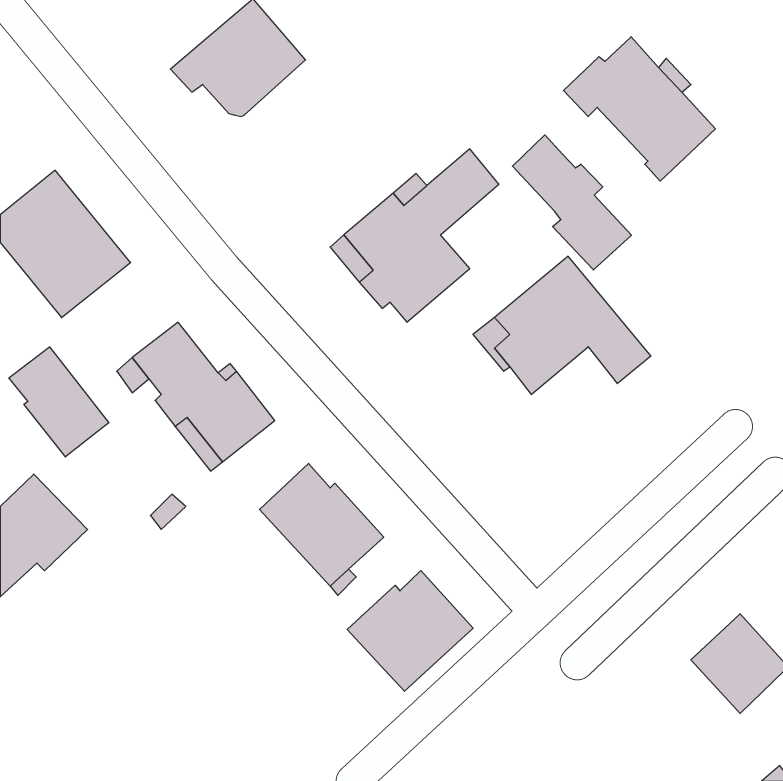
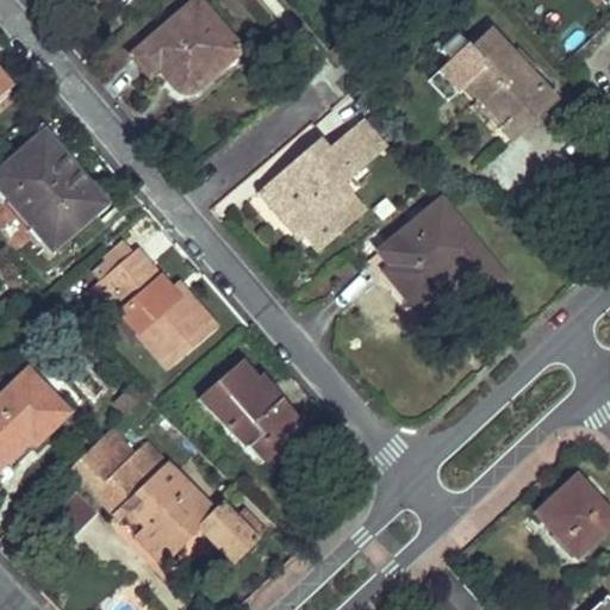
building: [512,135,631,270] -> none
building: [9,347,109,457] -> none
building: none -> [69,416,256,561]
building: [347,571,473,691] -> none

